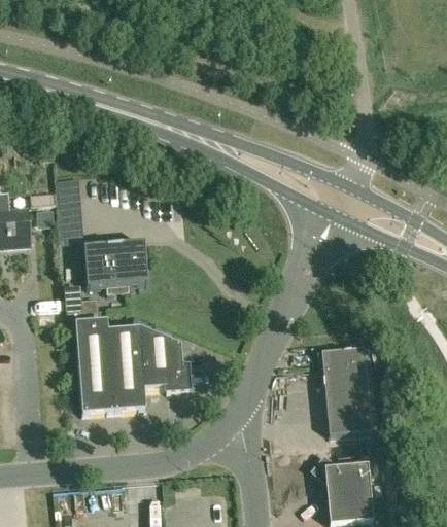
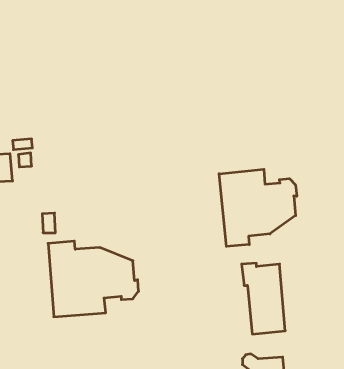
building: [59,175,82,224] -> none
building: none -> [219,169,297,246]
building: [83,239,147,291] -> none

